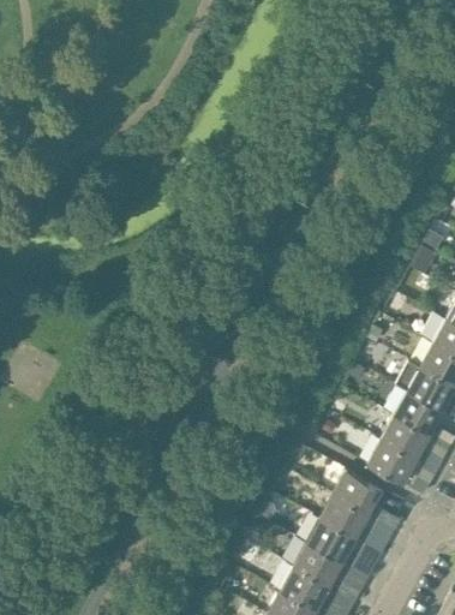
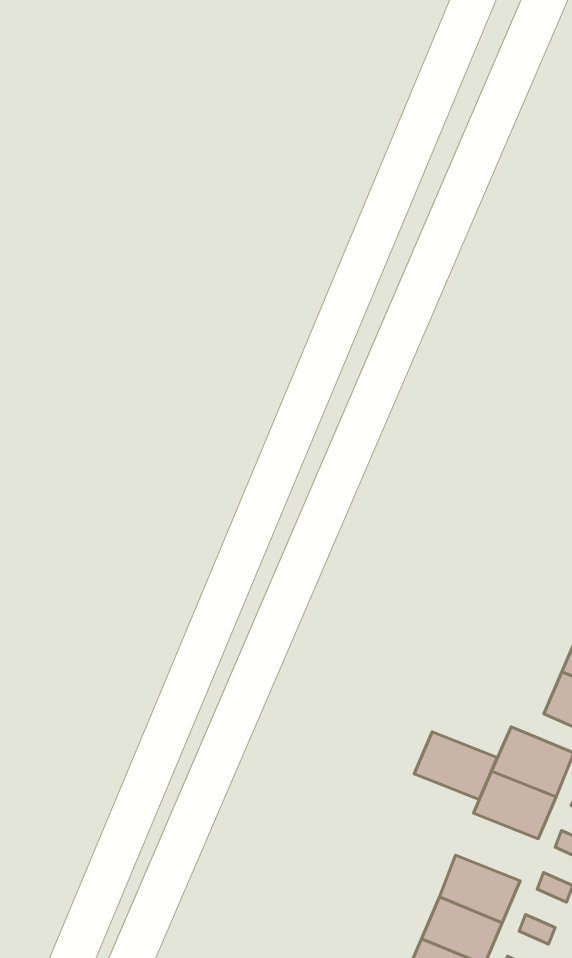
building: [305,521,355,565] -> [414,732,497,800]

